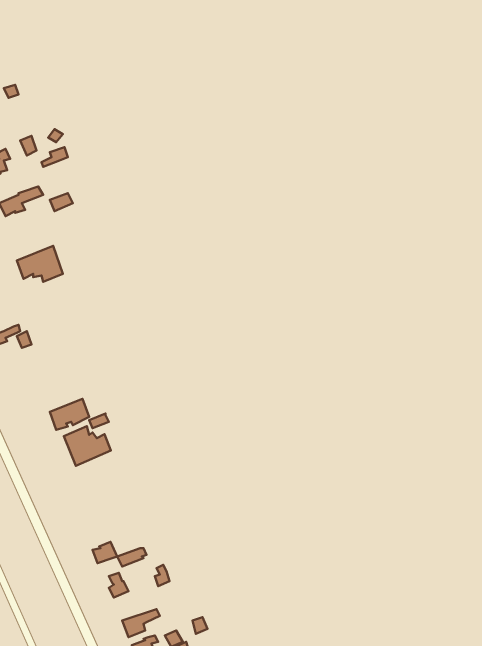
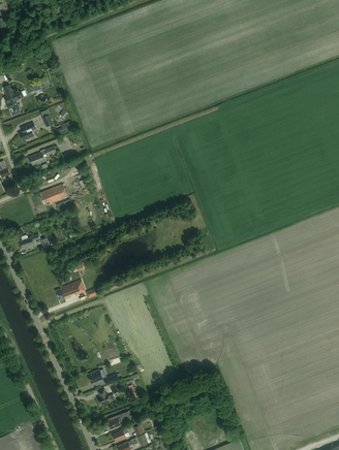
building: [64,426,111,466] -> none

